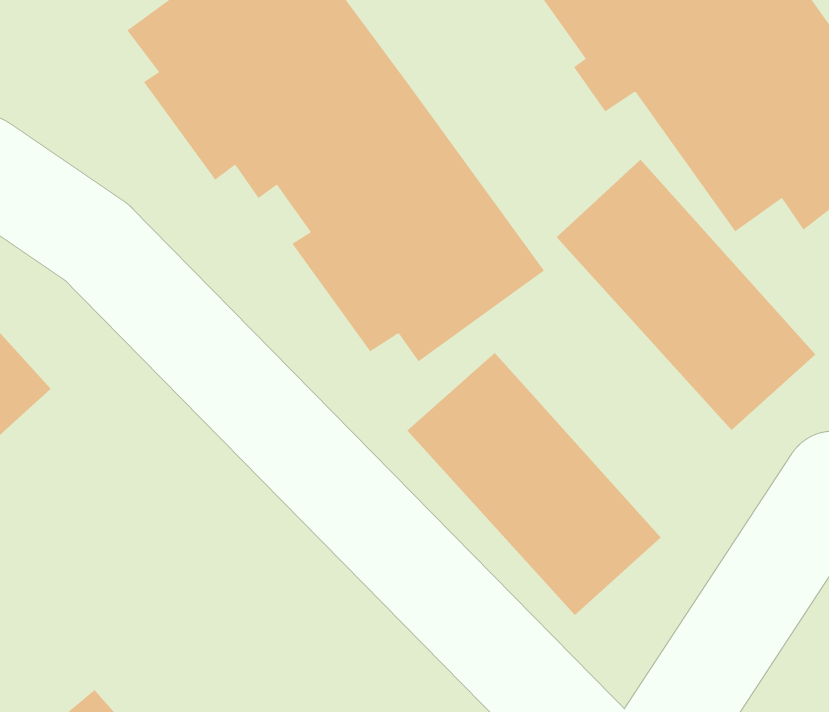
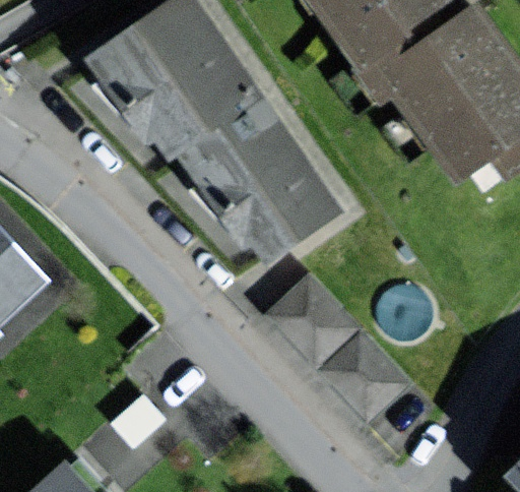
building: [556,159,816,431] -> none

